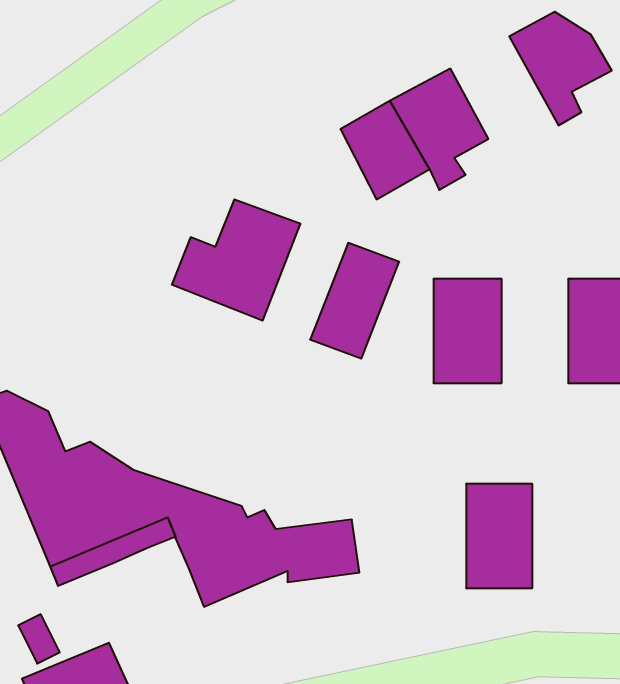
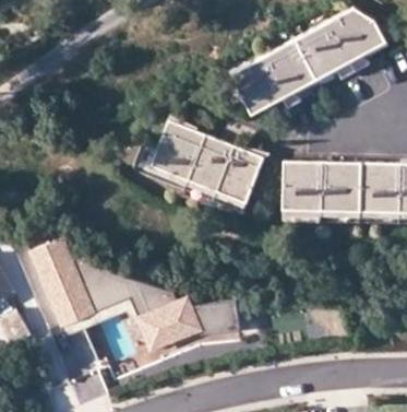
building: none -> [294,22,356,82]
building: none -> [185,130,235,197]
building: [466,484,532,588] -> [323,162,361,222]

